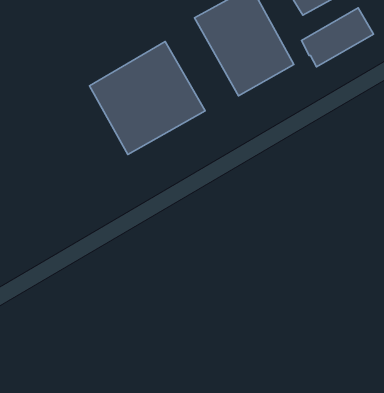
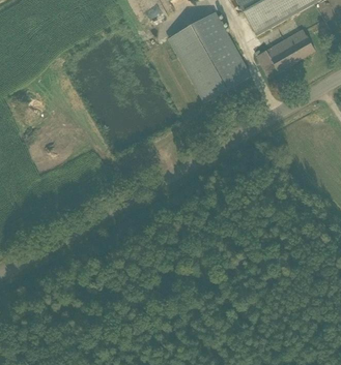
building: [89,42,205,154] -> none

